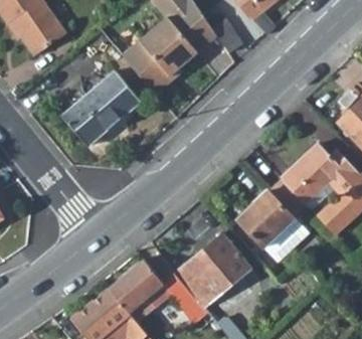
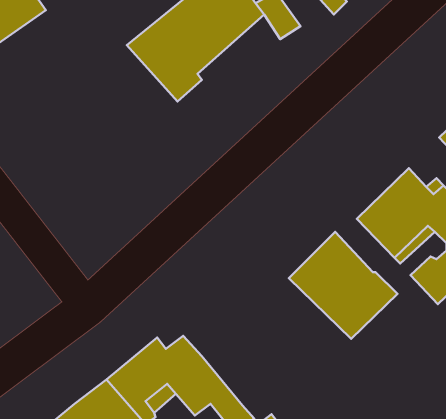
building: [61,71,142,148] -> none
building: [174,233,248,307] -> none

